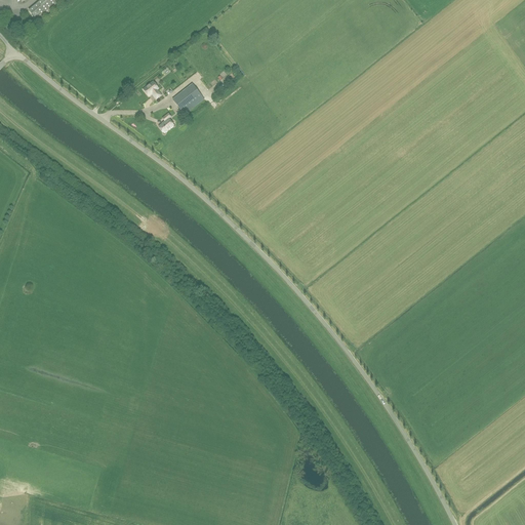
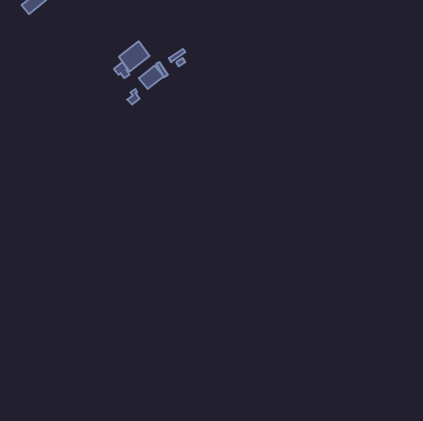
building: none -> [119,41,150,71]

